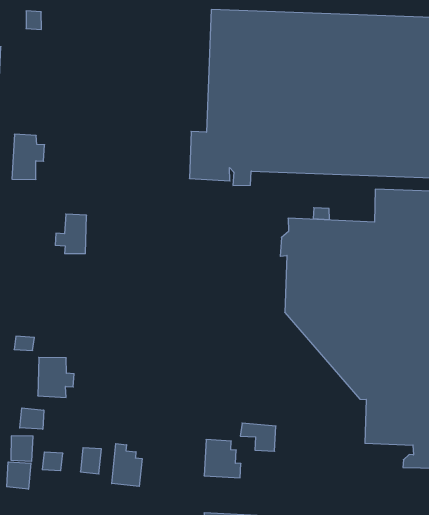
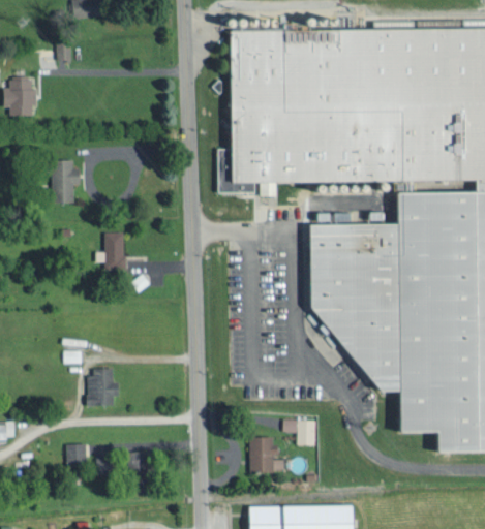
building: [20,408,44,429] -> none
building: [112,444,142,486] -> none
building: [7,462,31,489] -> none

